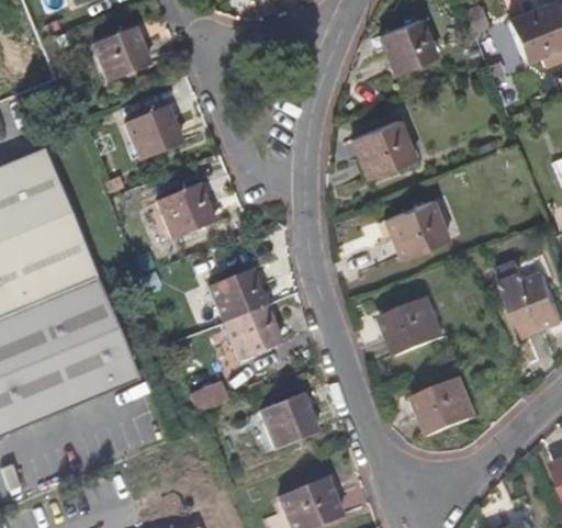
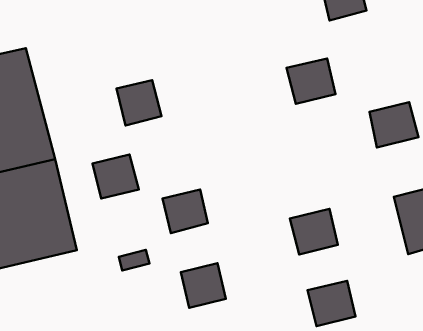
building: [121,99,179,157] -> none
building: [385,202,448,261] -> [369,102,419,147]
building: [213,260,272,317] -> [93,154,139,198]

